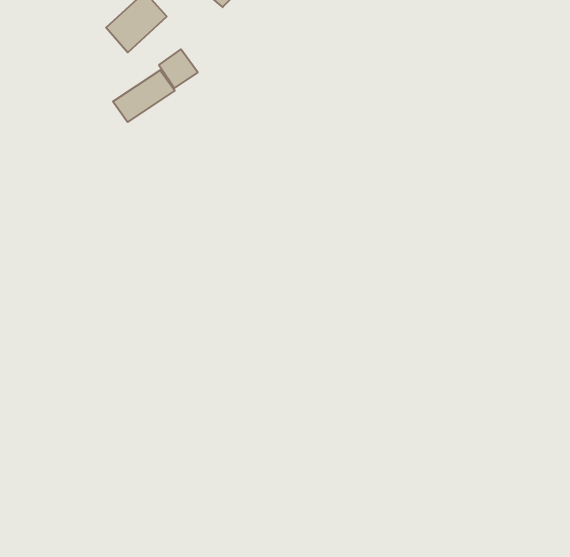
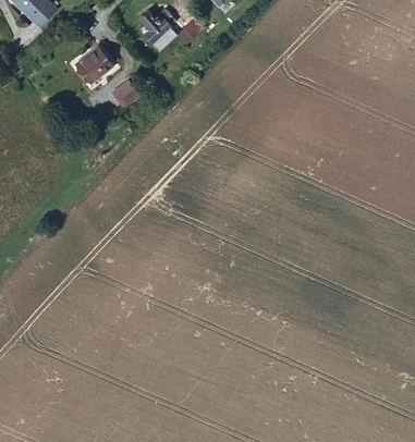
building: [113,70,175,122] -> none

